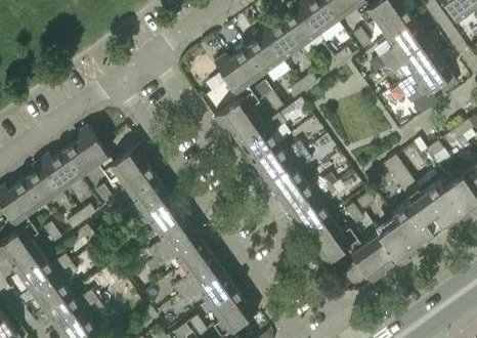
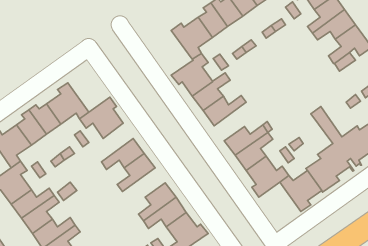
building: [266,152,311,199] -> none
building: [123,177,168,224] -> none
building: [146,231,207,274] -> none

